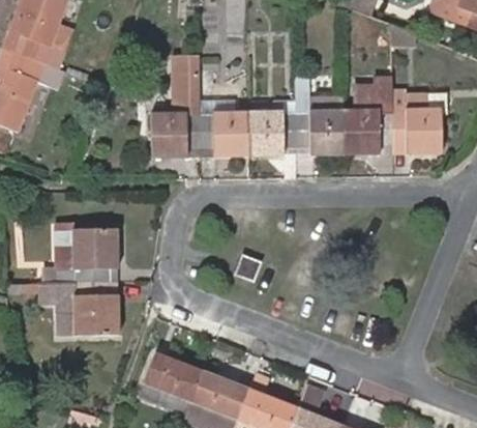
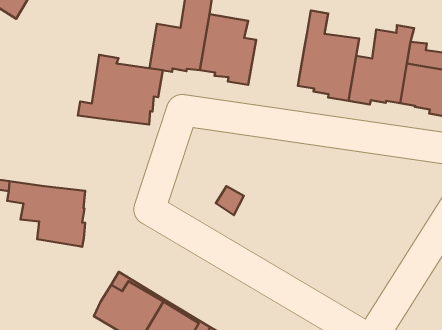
building: [247,99,294,156] -> none
building: [43,225,116,285] -> [78,55,163,124]

